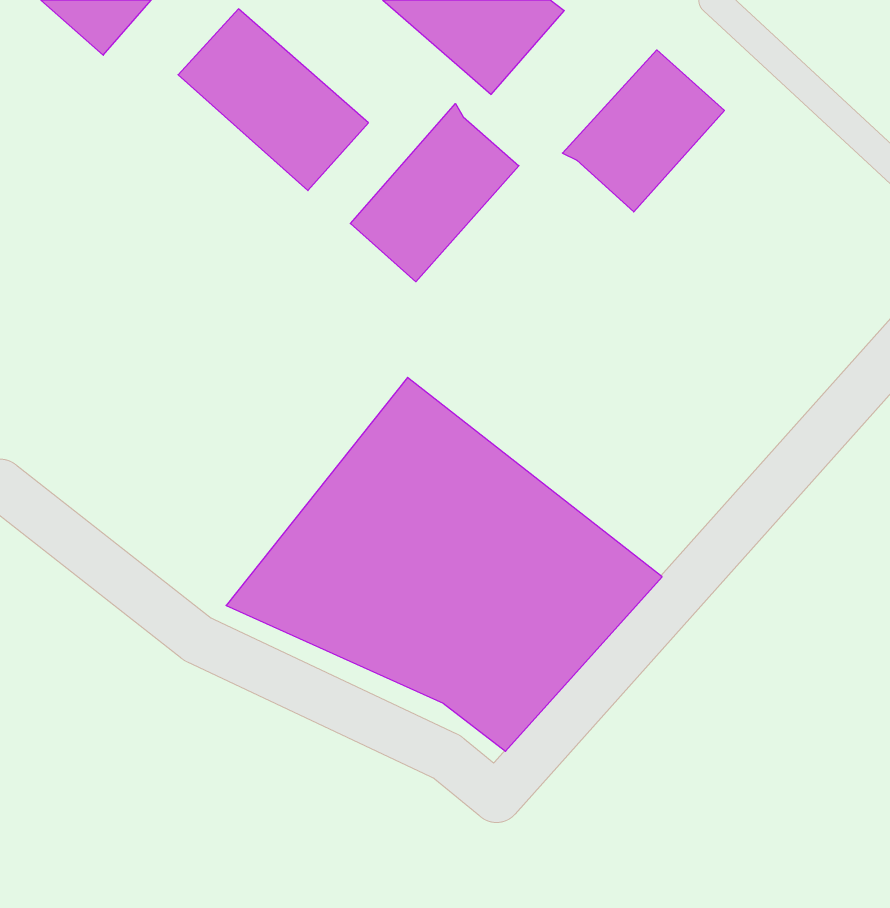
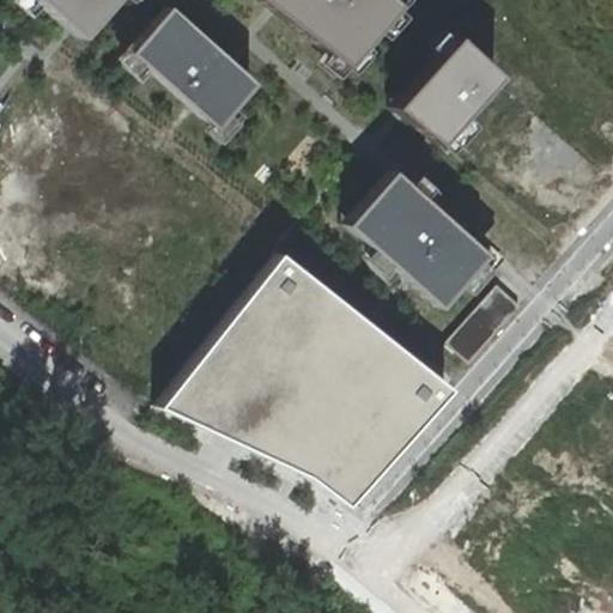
building: [350,104,519,282] -> none
building: none -> [350,170,493,309]

